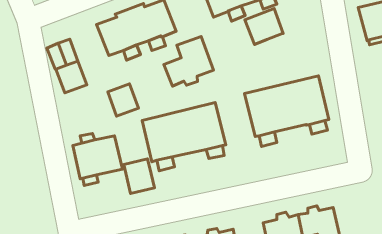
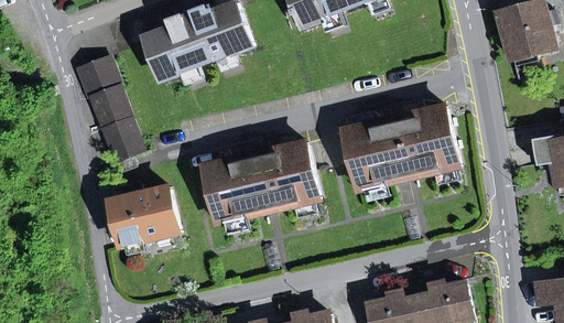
building: [245,9,283,45] -> none
building: [164,36,214,86] -> none
building: [108,84,139,116] -> [100,116,142,160]
building: [124,159,154,193] -> none

